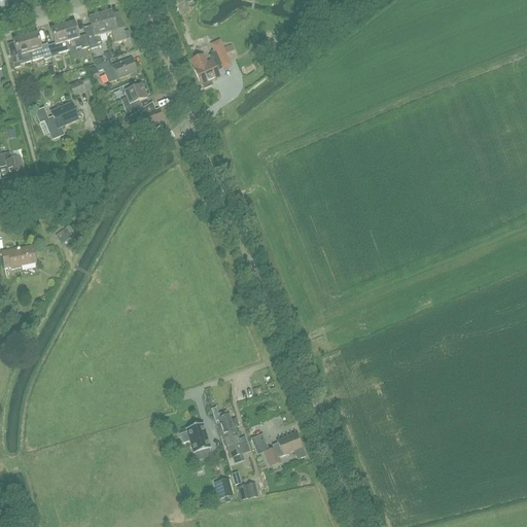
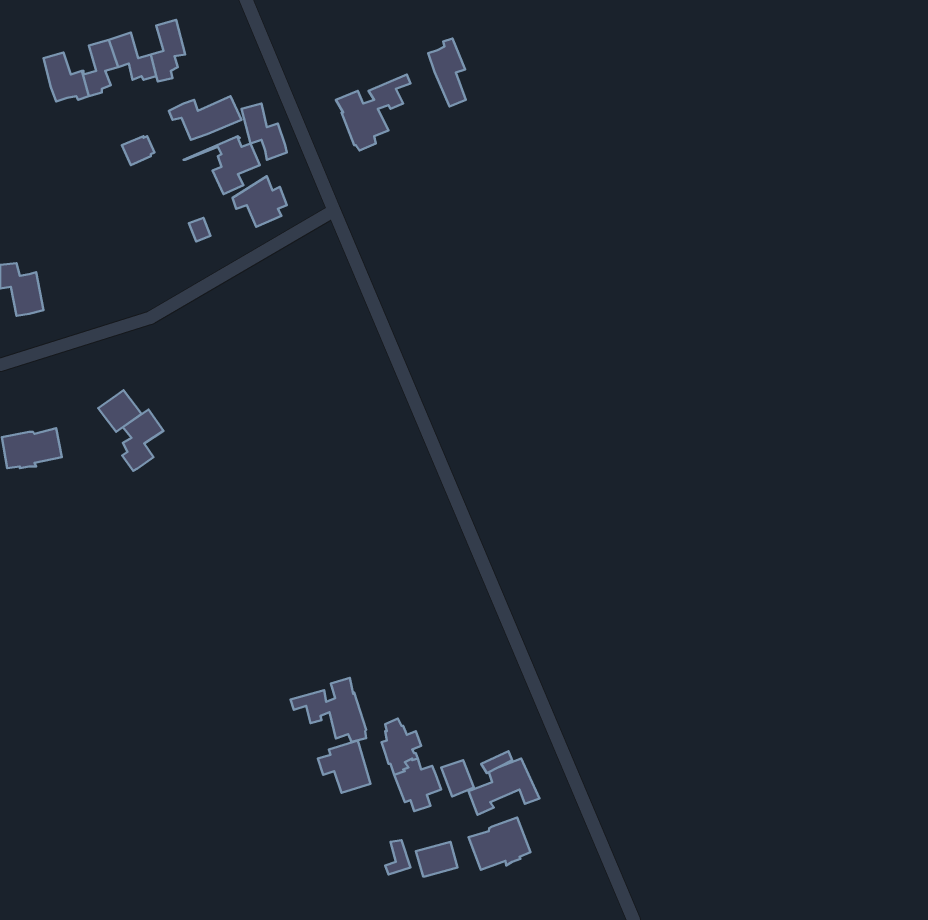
building: [100,8,126,40] -> [242,103,287,160]
building: none -> [428,38,466,107]
building: [10,33,32,65] -> none
building: [35,101,77,136] -> none
building: none -> [122,409,163,471]
building: none -> [291,678,366,742]
building: none -> [468,818,531,870]

